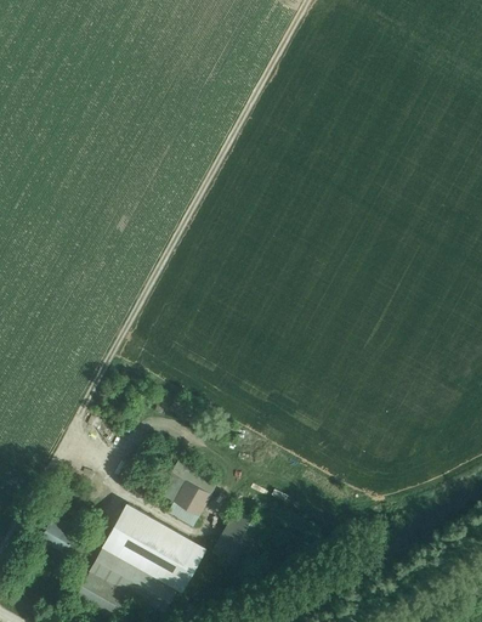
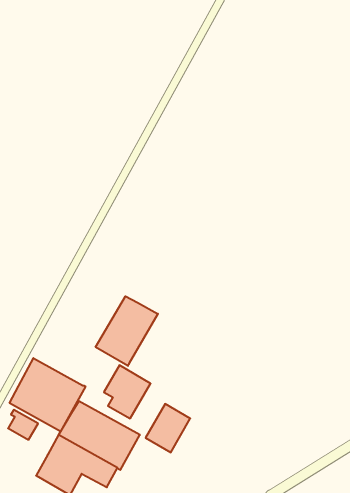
building: none -> [96,296,158,366]
building: none -> [10,358,85,431]

